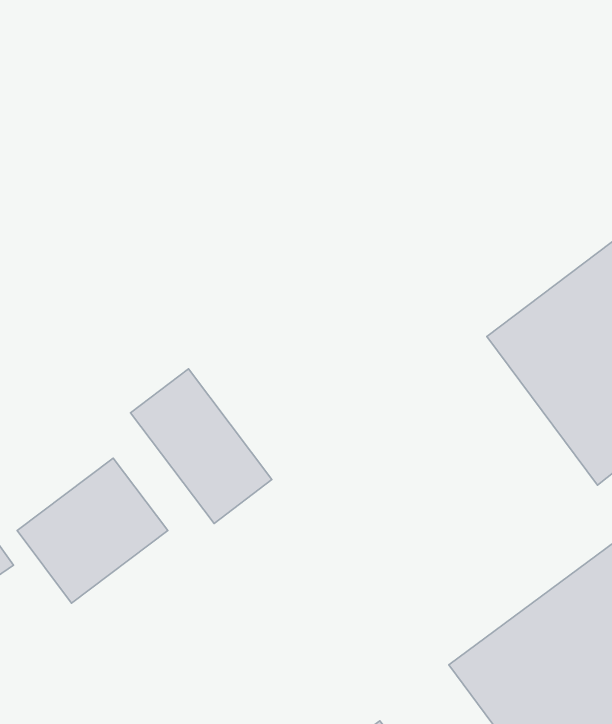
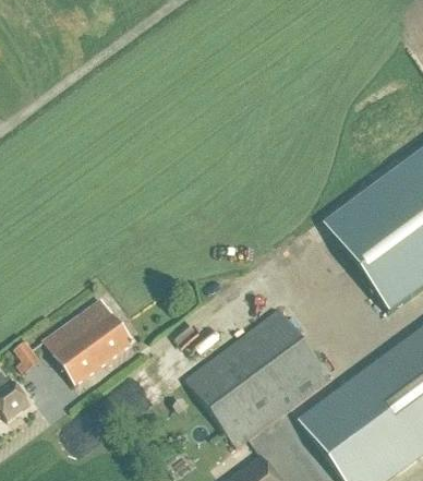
building: [131,369,272,523] -> none
building: none -> [184,305,331,446]

